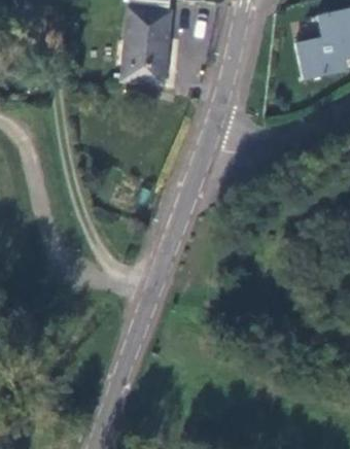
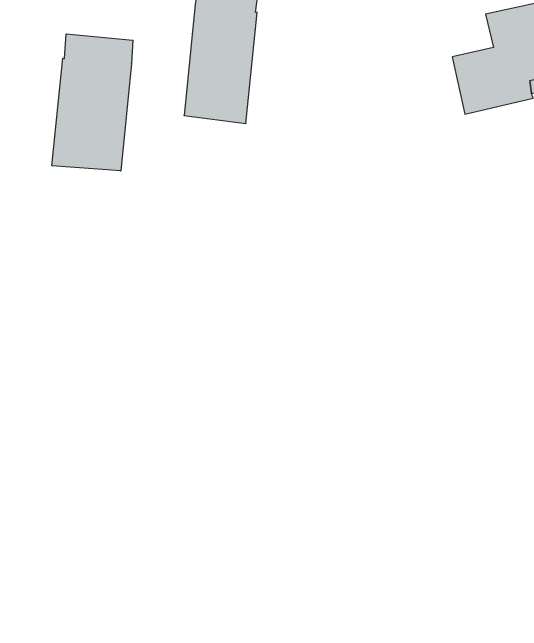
building: none -> [52,34,133,171]

